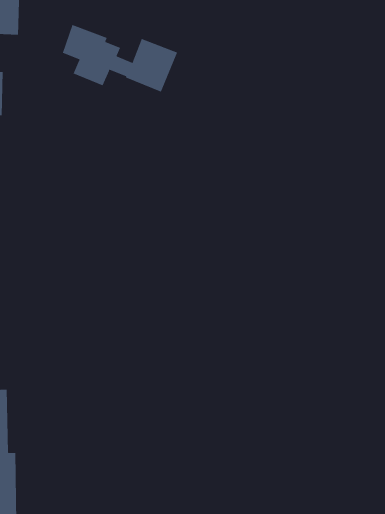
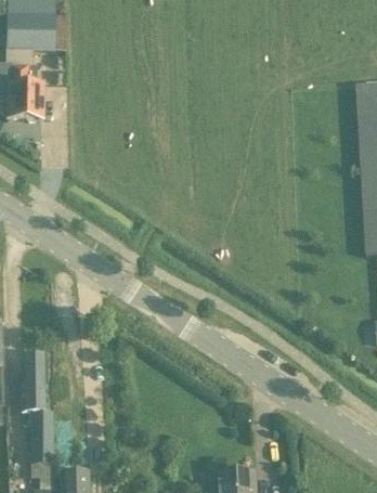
building: [62,24,178,93] -> none

